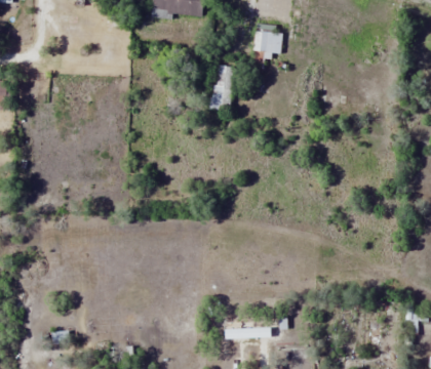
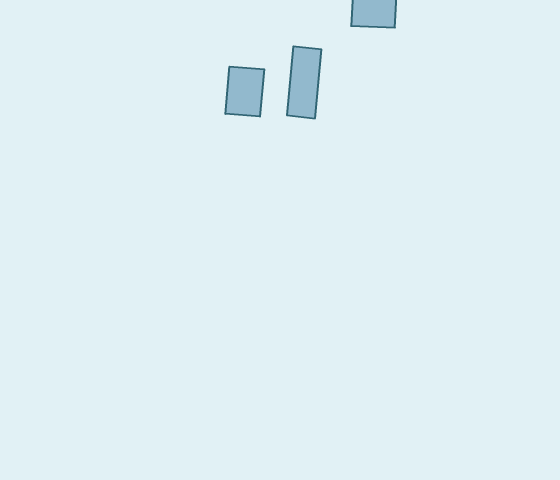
building: none -> [225,67,264,117]

